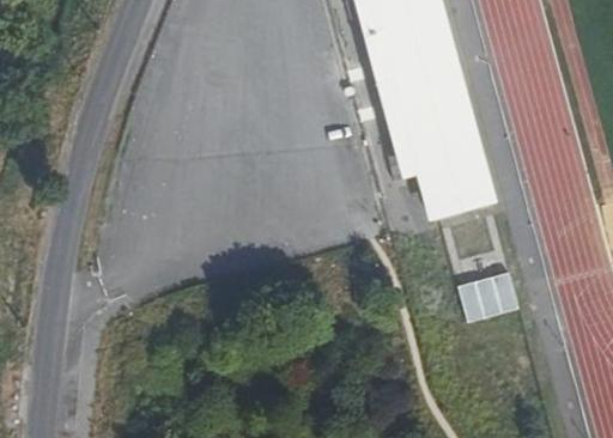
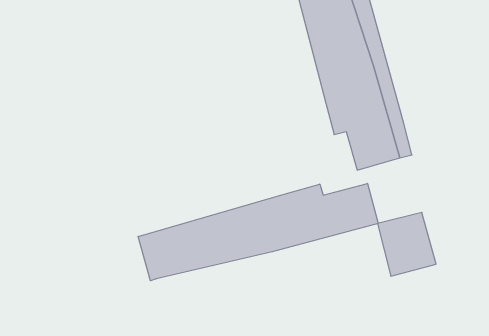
building: none -> [138,183,378,281]

